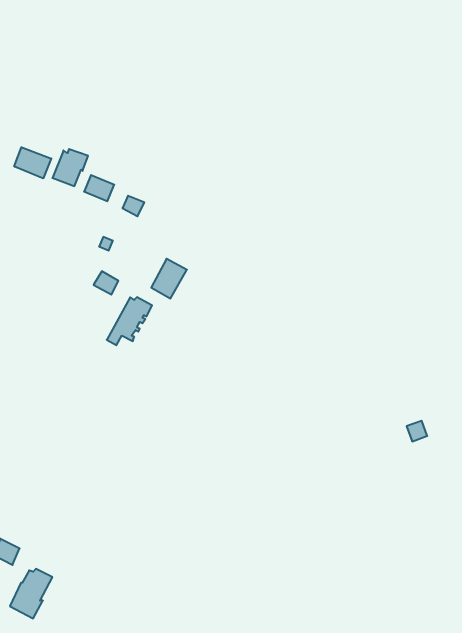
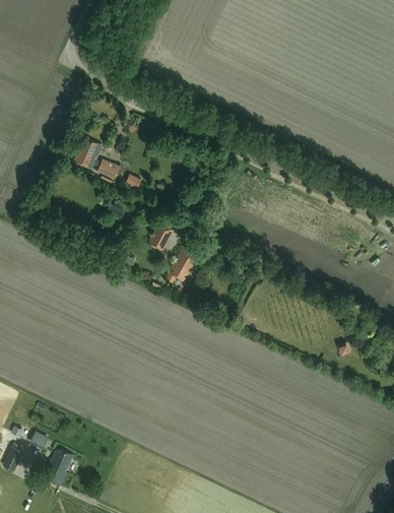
building: [14,147,51,178] -> none
building: [107,297,152,345] -> [165,249,198,284]

